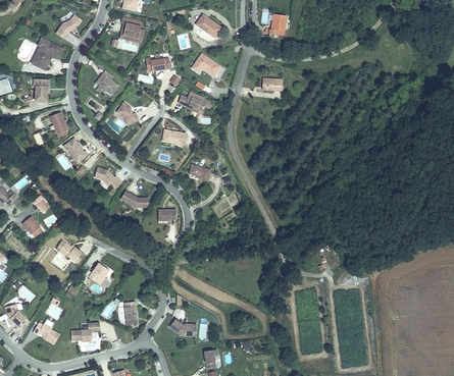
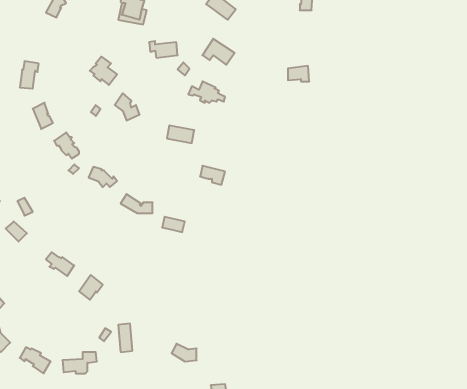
building: [31,37,63,69] -> none

